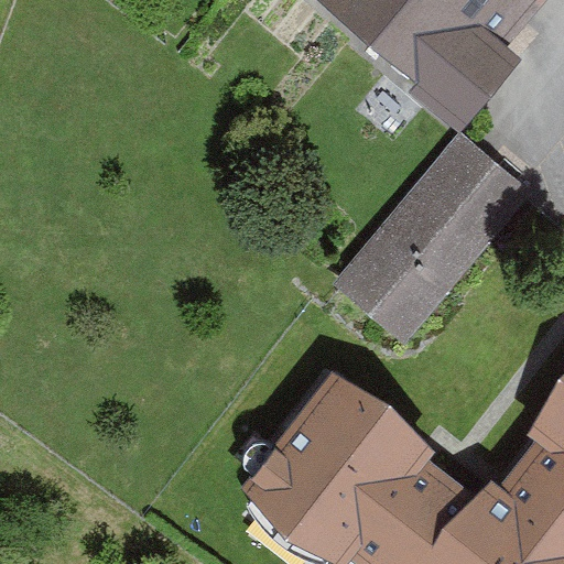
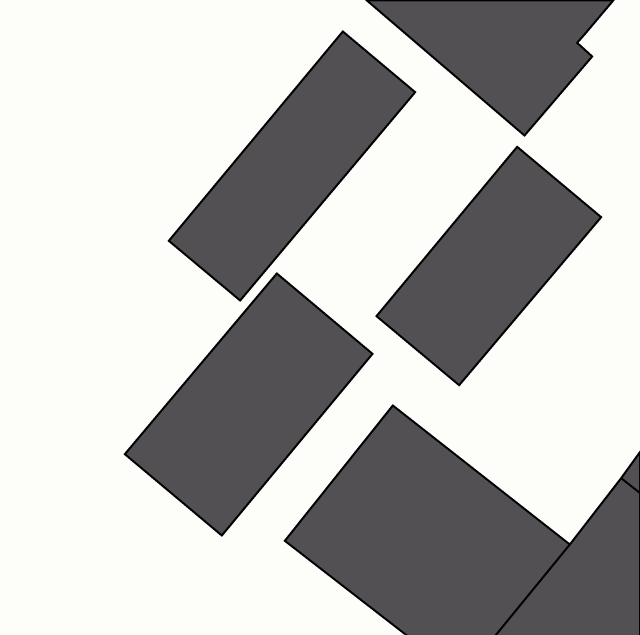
building: none -> [169,31,415,301]
building: none -> [125,274,372,535]

